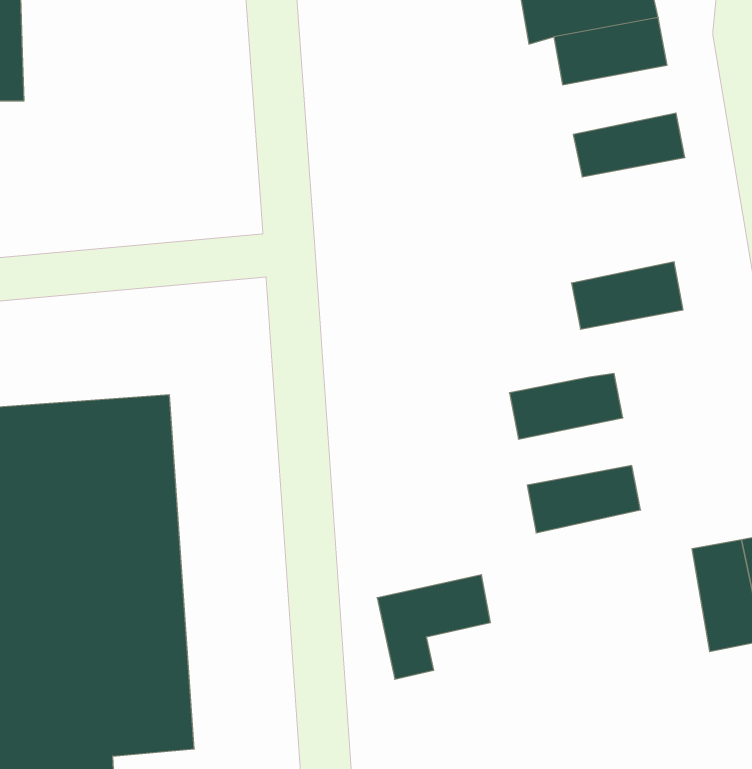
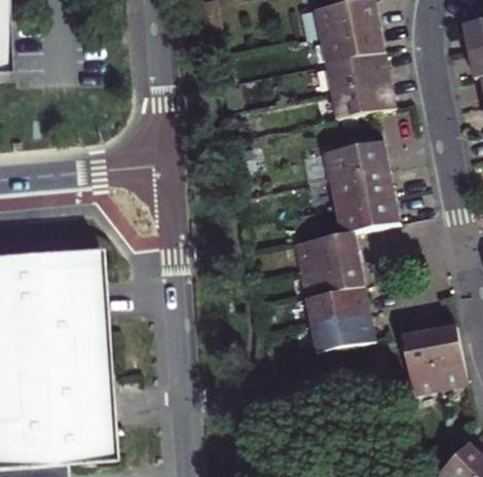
building: none -> [327,53,393,94]
building: none -> [326,140,392,180]
building: none -> [337,195,403,234]
building: none -> [301,258,367,297]
building: [377,575,490,679] -> [311,311,377,372]

